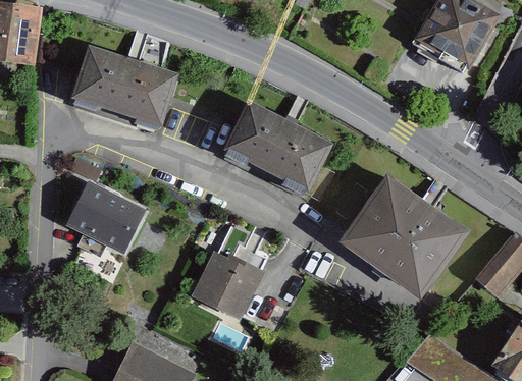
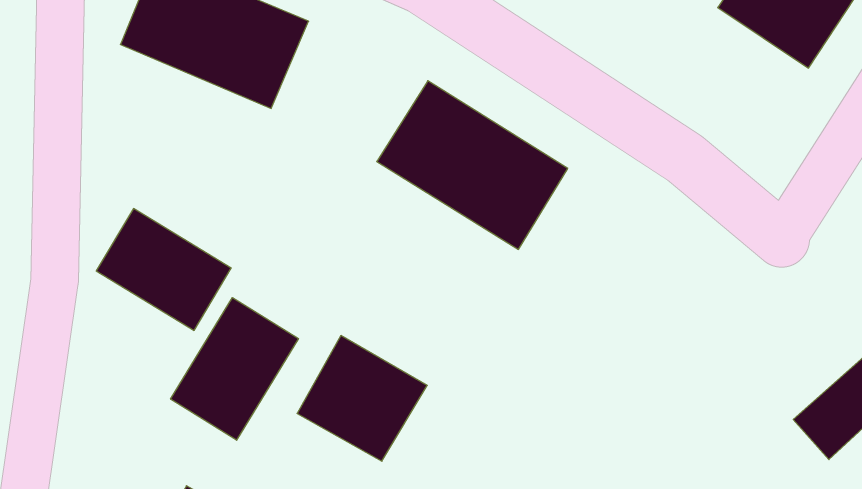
building: [336,168,474,298] -> none
building: none -> [171,298,298,440]

